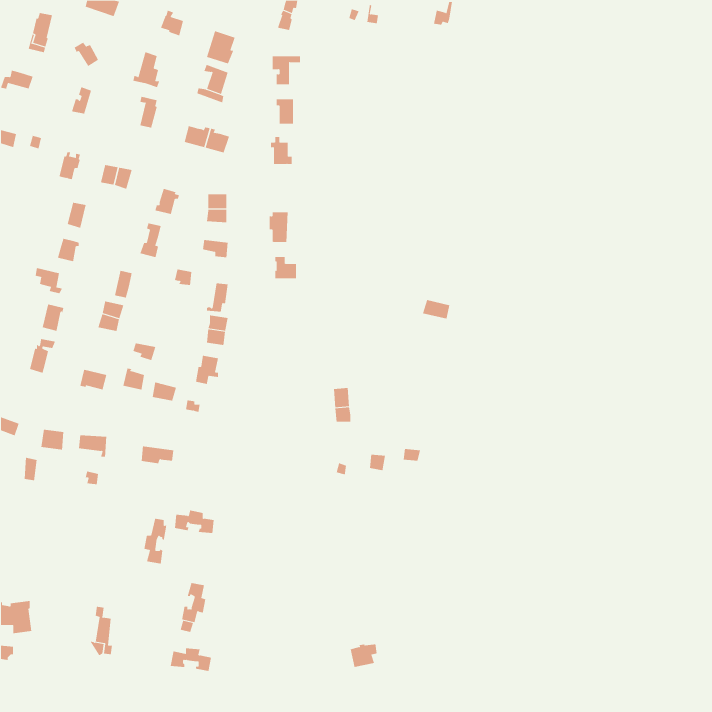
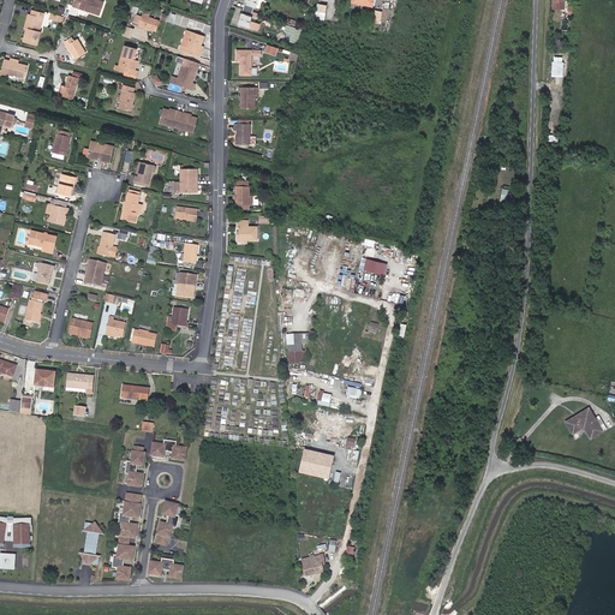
building: none -> [566,408,607,438]
building: none -> [300,449,336,479]
building: none -> [111,494,141,580]

